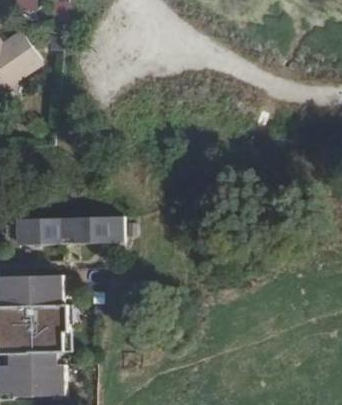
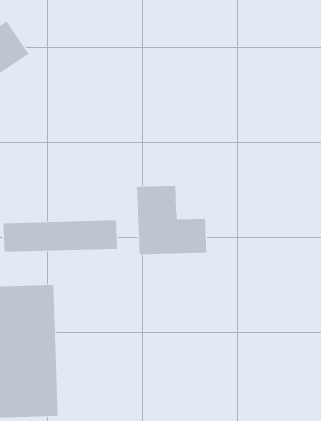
building: none -> [136,185,207,255]

